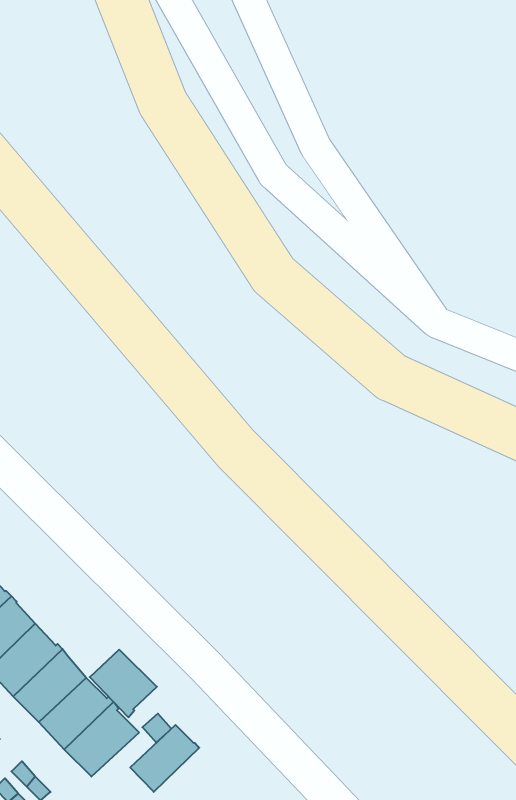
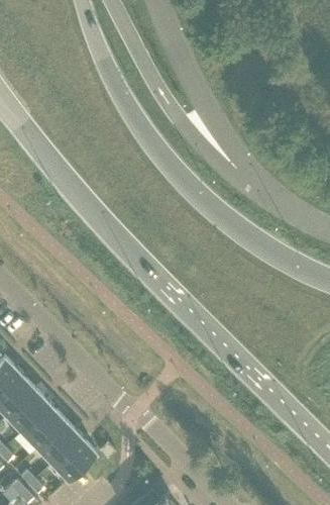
building: [90,650,157,717] -> none
building: [130,725,199,792] -> none

